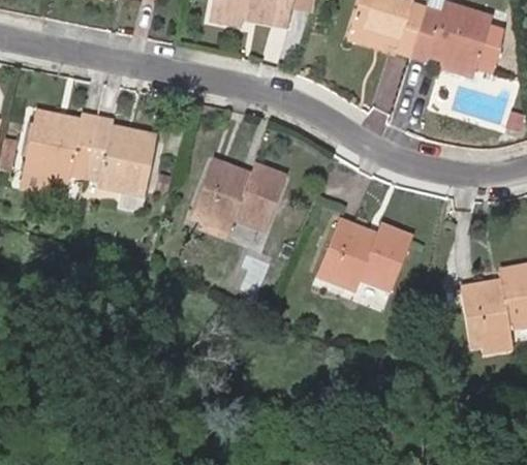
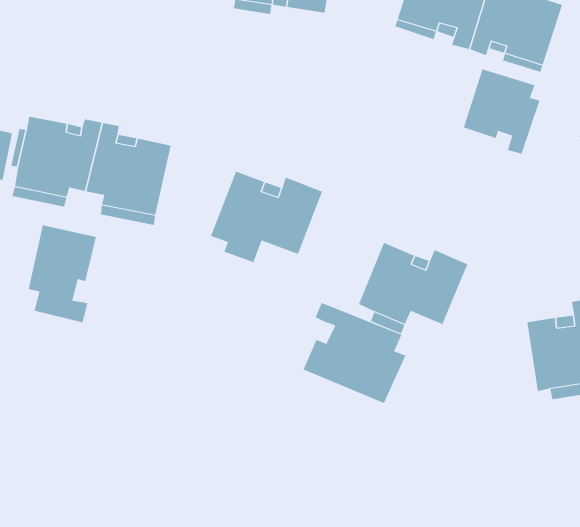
building: none -> [463,68,540,155]
building: none -> [28,224,96,323]
building: none -> [303,302,406,404]

